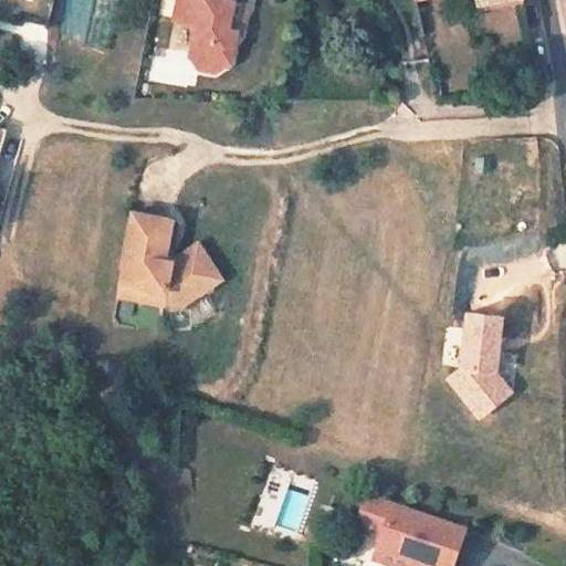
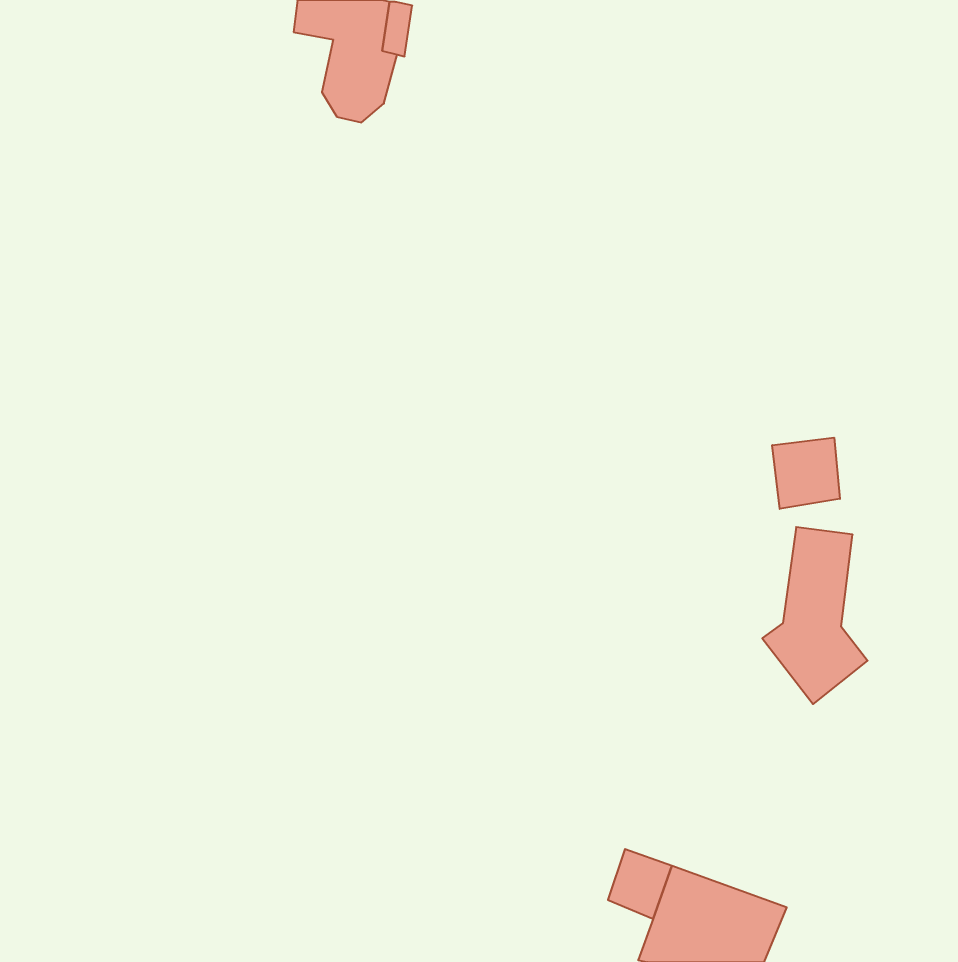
building: [117,211,220,305] -> none
building: none -> [772,438,840,509]

